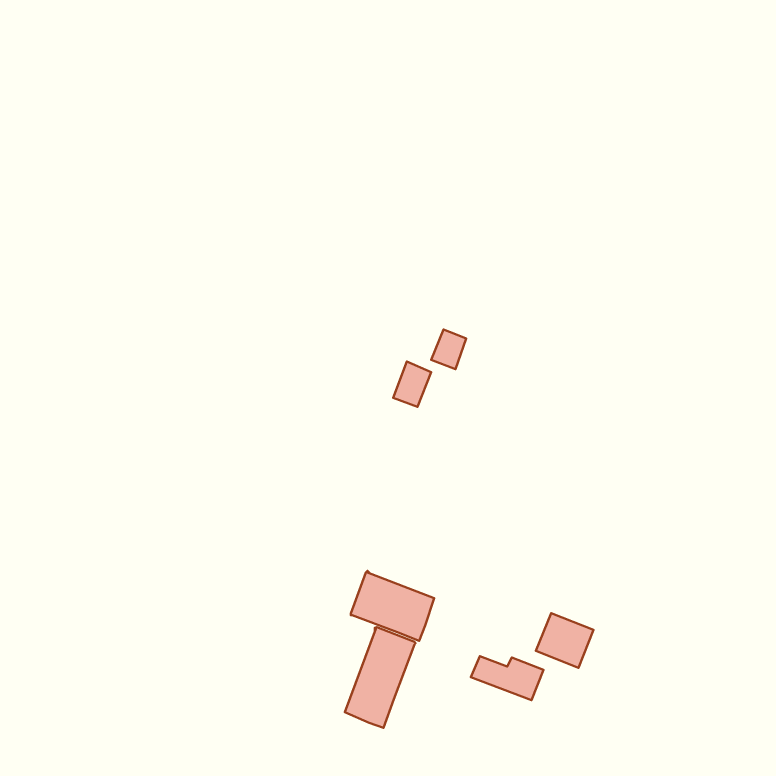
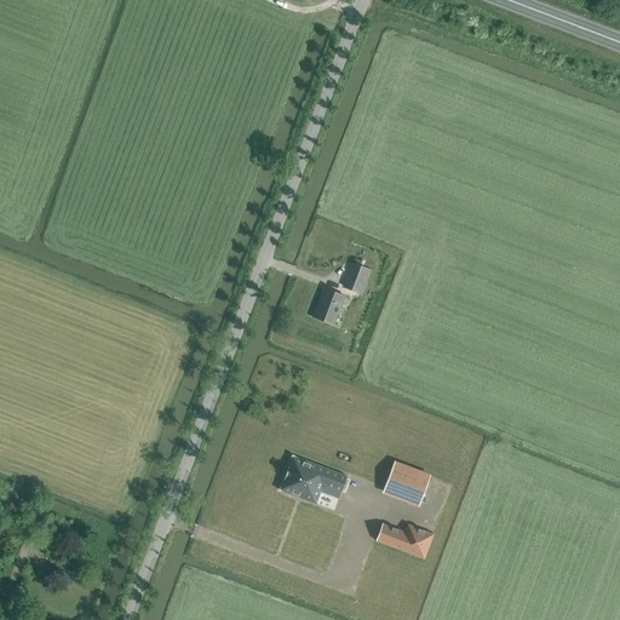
building: [536,613,594,668] -> [384,457,430,500]
building: [345,627,416,728] -> none

